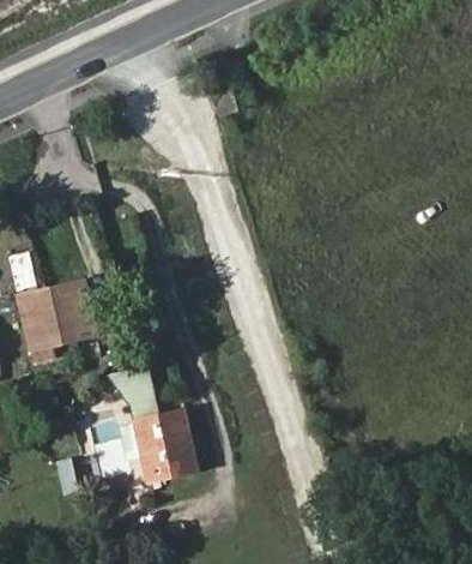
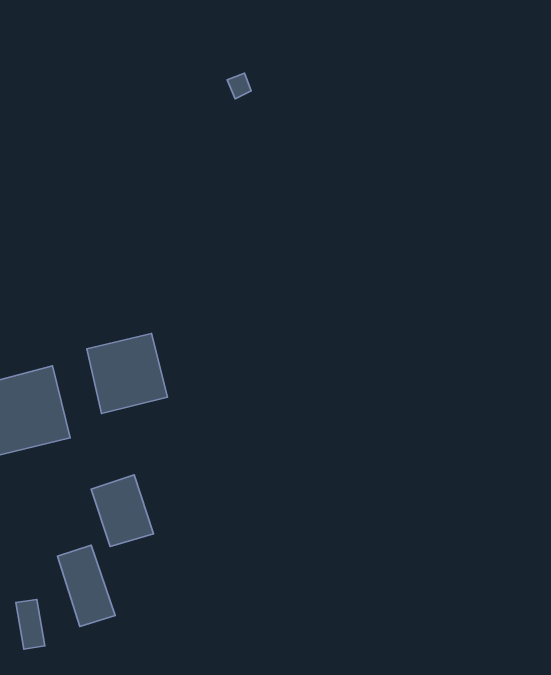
building: none -> [87,333,168,413]
building: [133,410,195,481] -> none

